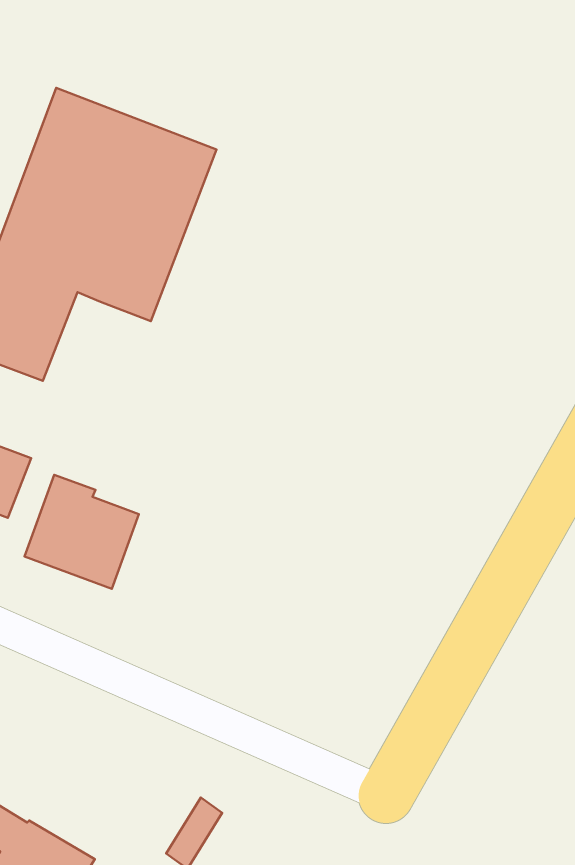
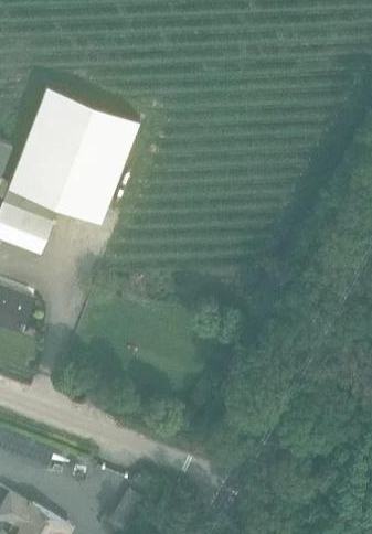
building: [24,475,139,589] -> none

